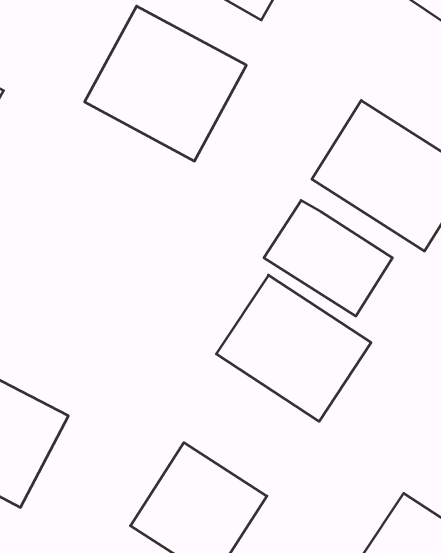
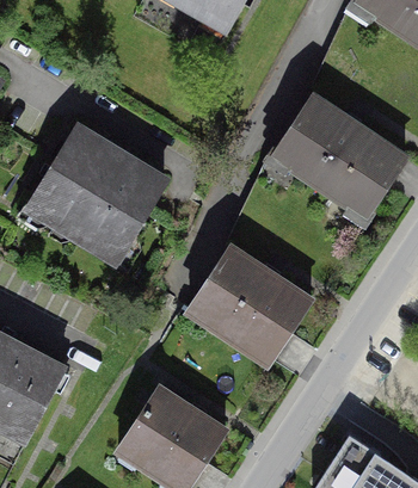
building: [85,6,246,161] -> [29,128,166,259]
building: [264,200,392,316] -> none

